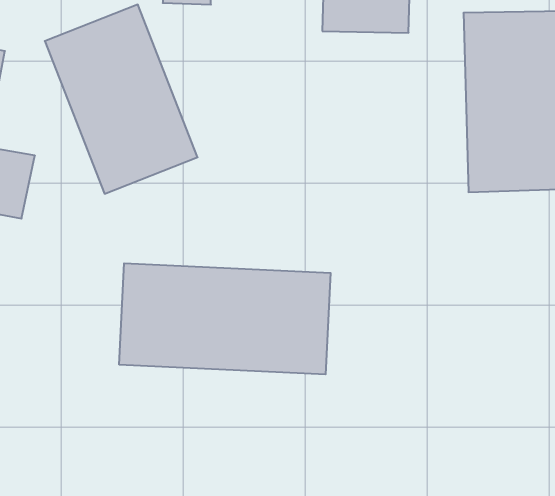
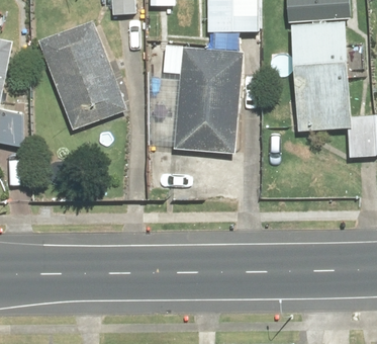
building: none -> [172,47,244,157]
building: [119,263,331,374] -> none

